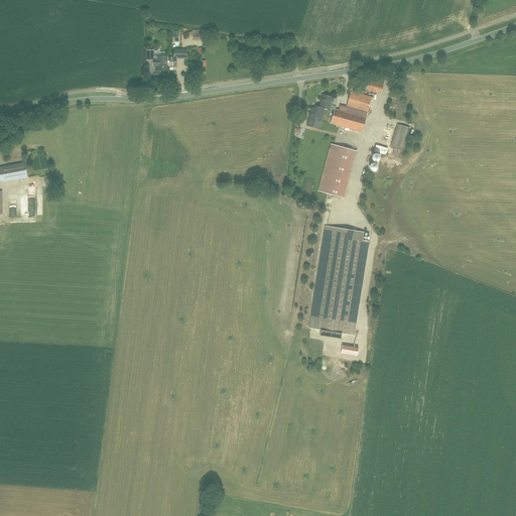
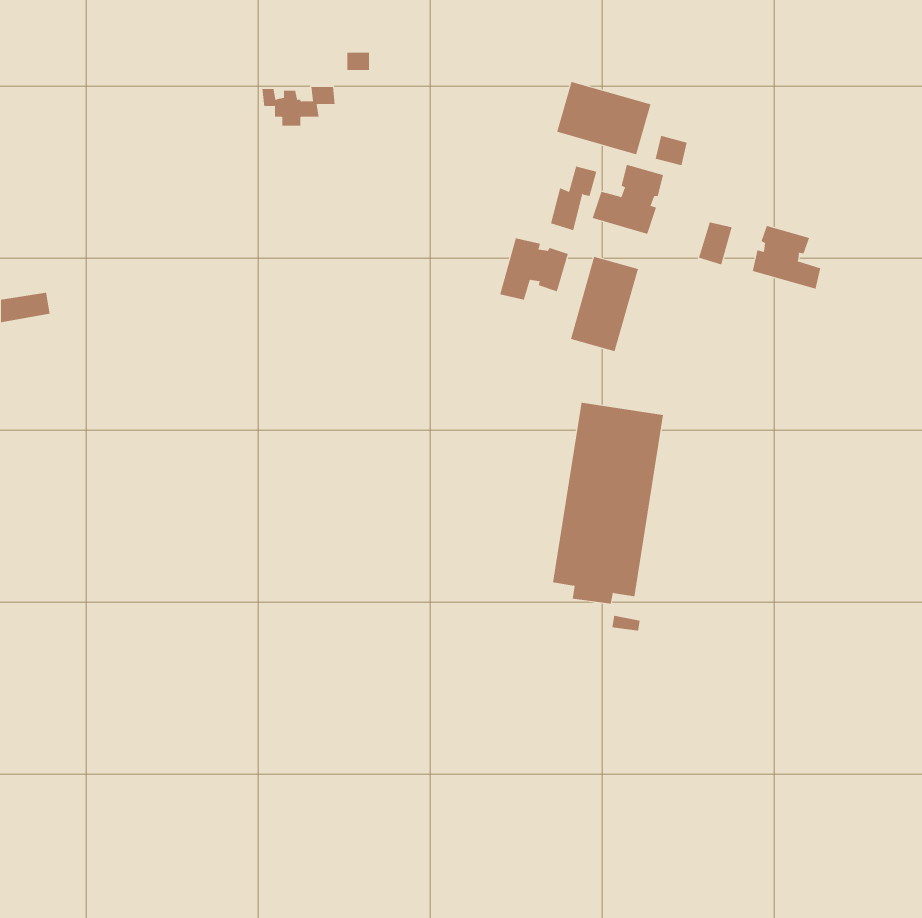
building: none -> [556,81,651,155]
building: none -> [752,225,821,290]
building: none -> [499,237,568,301]

